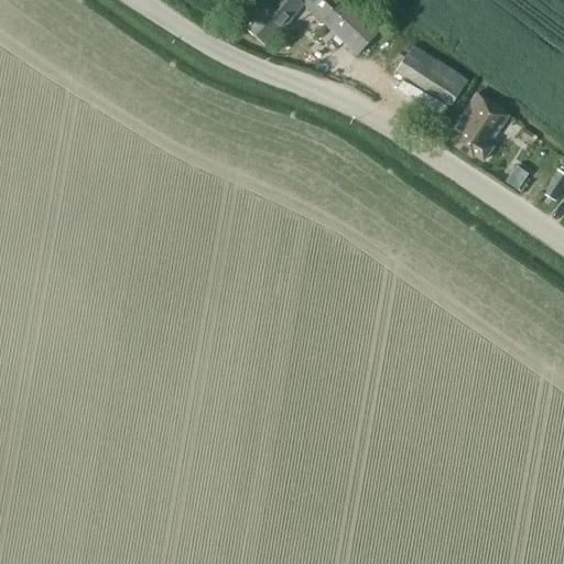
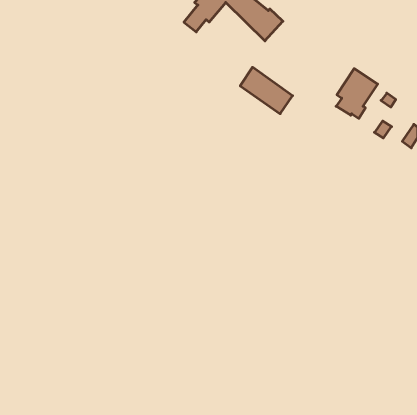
building: [398,43,468,106] -> [240,67,293,114]

